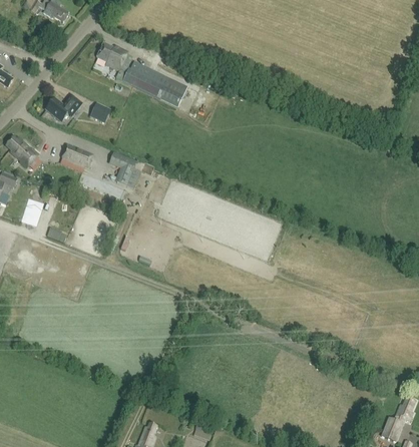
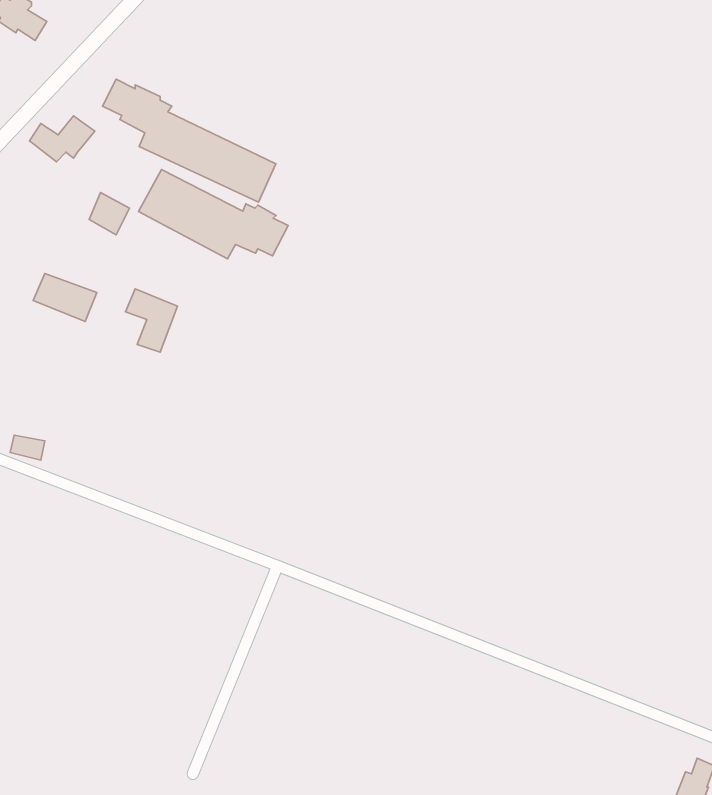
building: none -> [139,170,288,259]
building: [47,94,81,118] -> [29,116,95,162]

